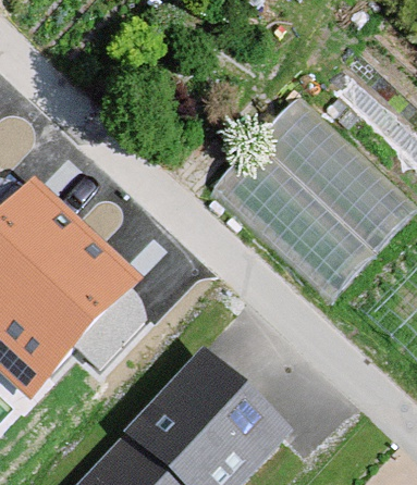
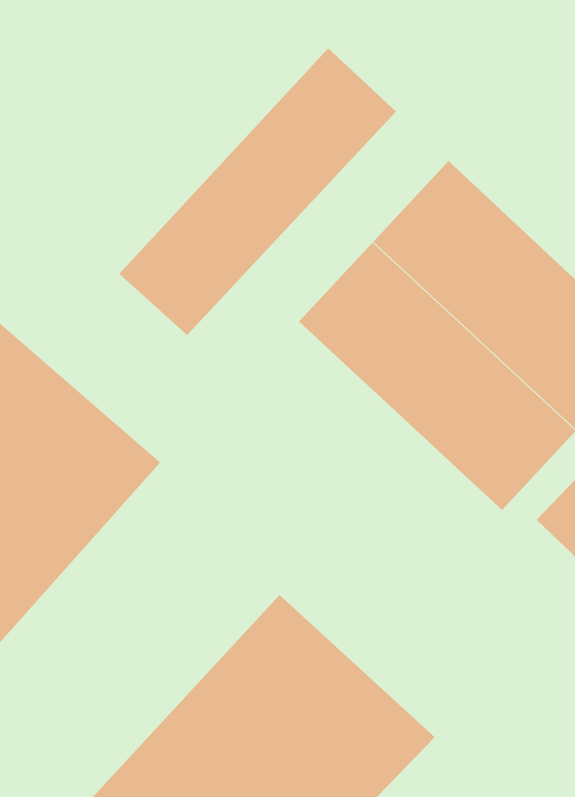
building: none -> [118,48,397,336]

